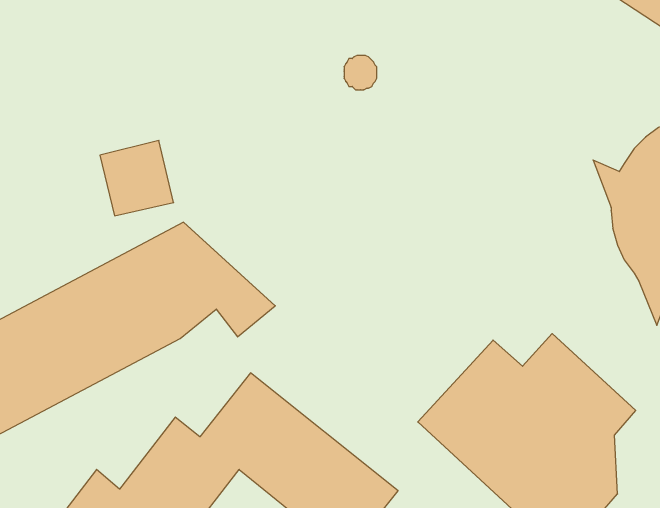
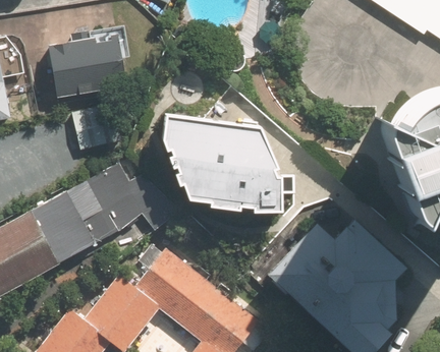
building: none -> [48,28,128,100]
building: none -> [162,113,294,214]

